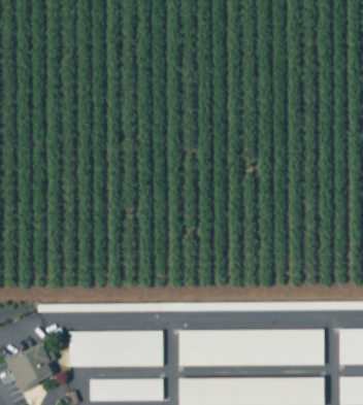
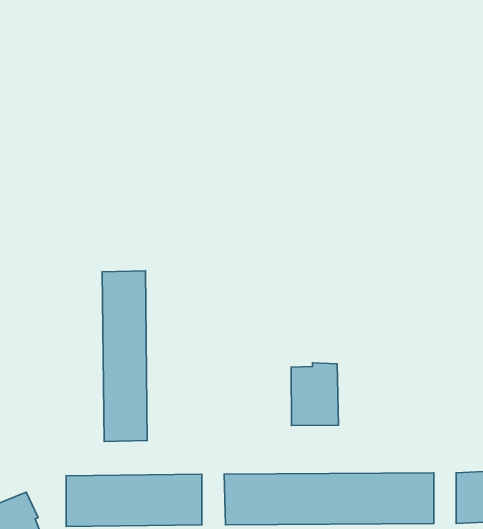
building: none -> [102,271,147,442]
building: none -> [291,363,339,425]

